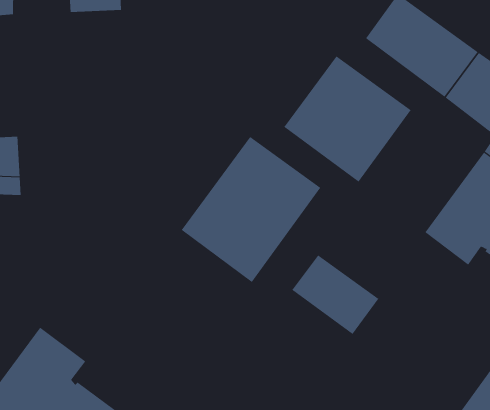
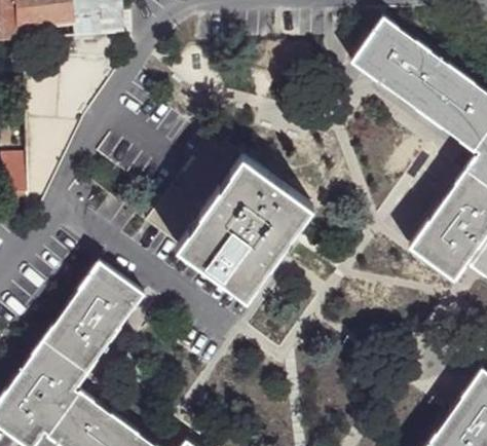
building: [283,55,411,183] -> none
building: none -> [44,260,145,370]
building: [292,255,379,335] -> none

